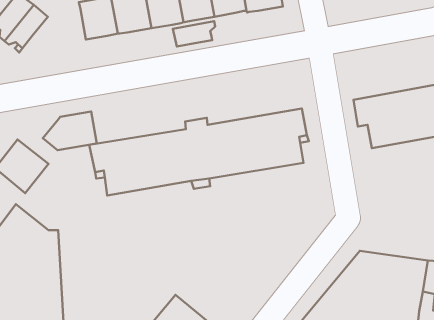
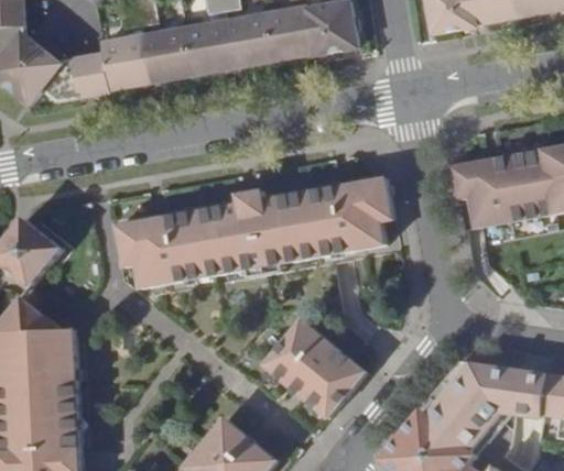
building: [173,21,215,46] -> none
building: [43,111,96,150] -> [42,51,110,100]
building: none -> [263,316,365,415]

